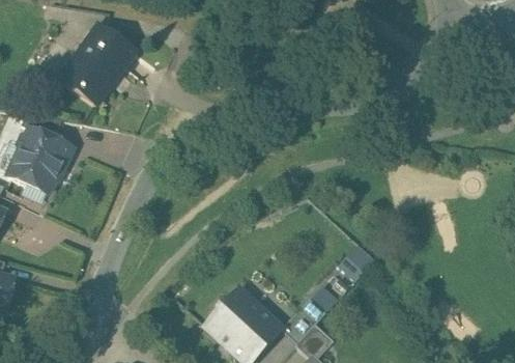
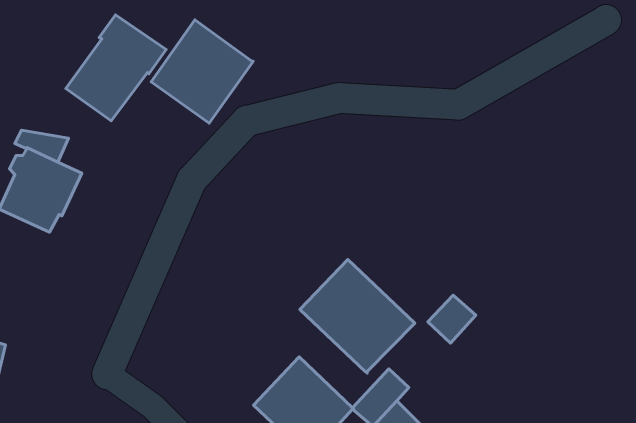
building: none -> [151,20,253,123]
building: none -> [300,260,415,373]

